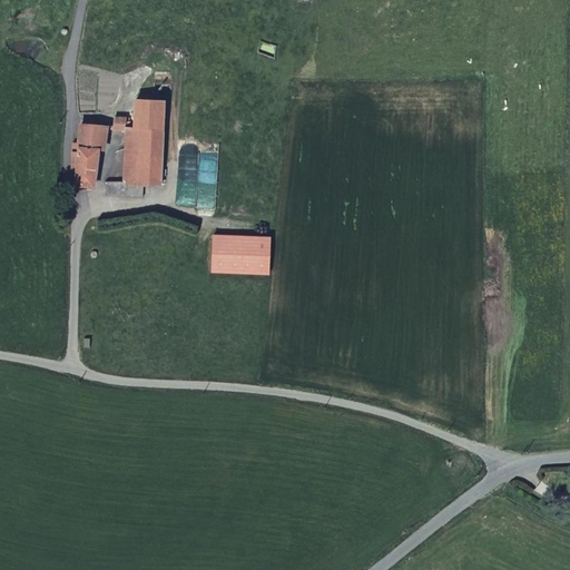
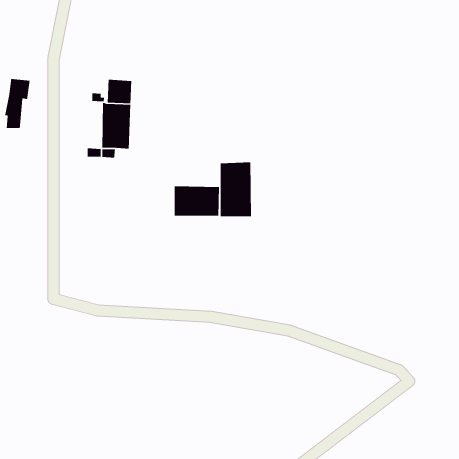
building: [72,127,105,189] -> [4,78,30,129]
building: none -> [220,162,252,217]

